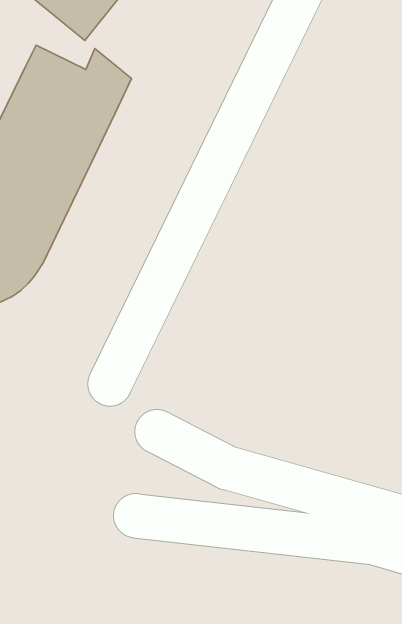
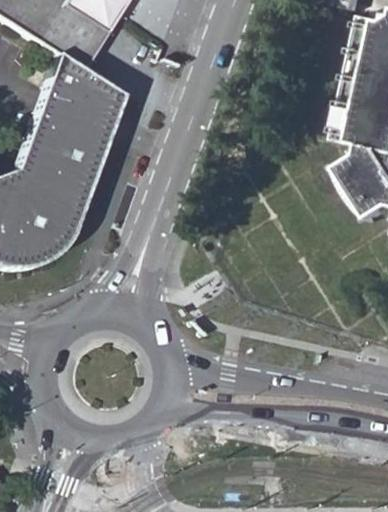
building: none -> [51,51,94,89]

